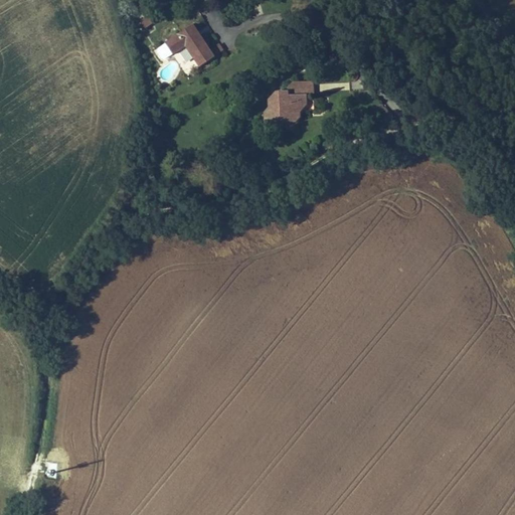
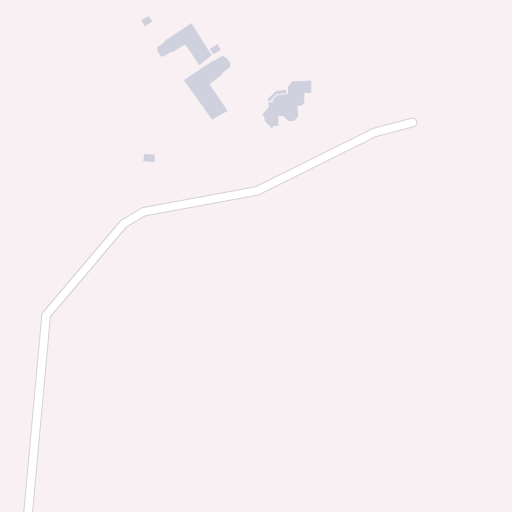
building: none -> [183,55,231,120]

